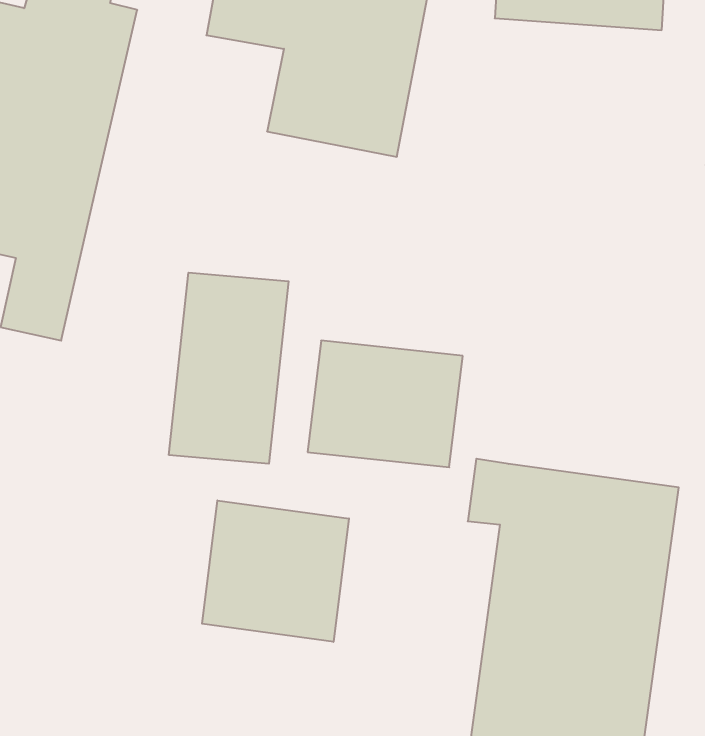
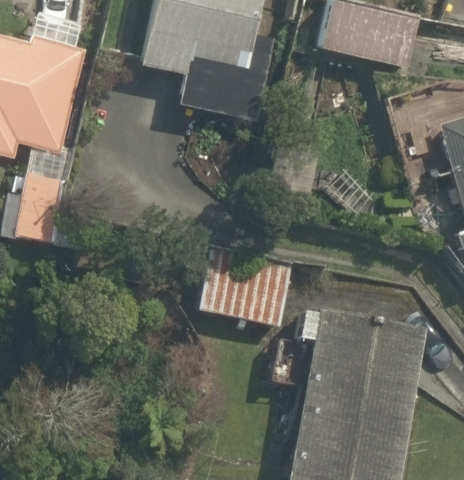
building: [169,273,289,464] -> none
building: [202,500,349,642] -> none

